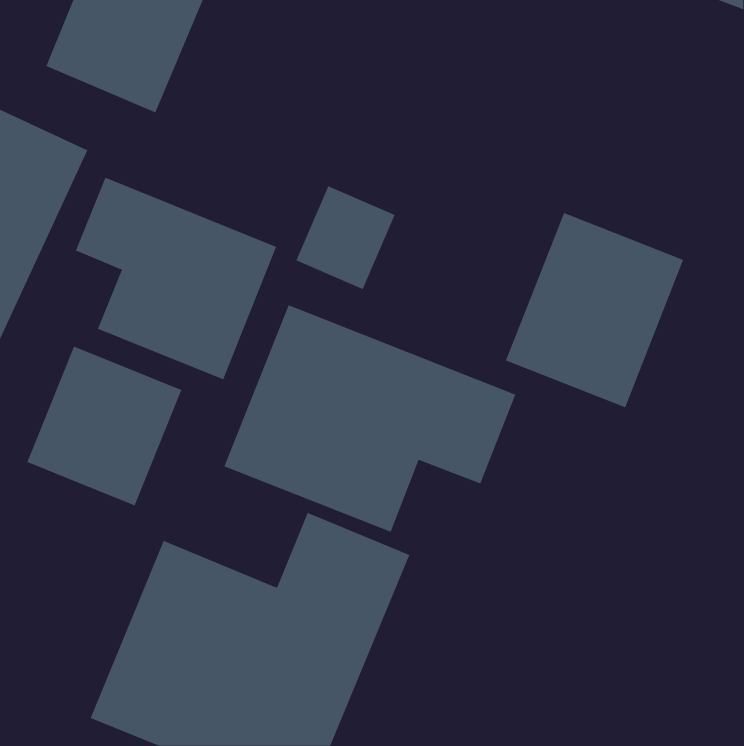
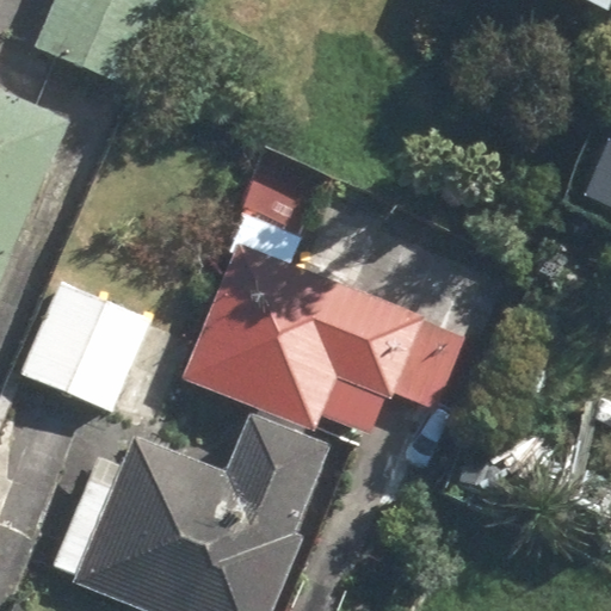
building: [75,177,277,380] -> none
building: [505,212,684,408] -> none

